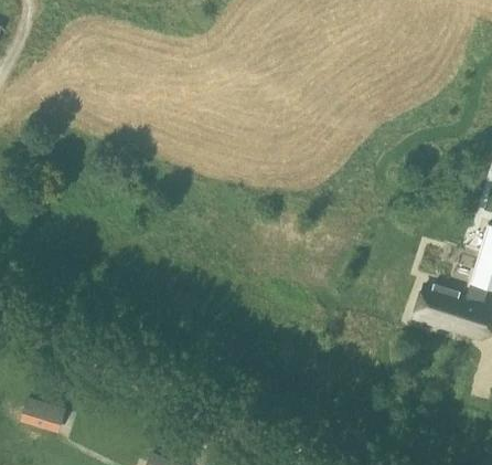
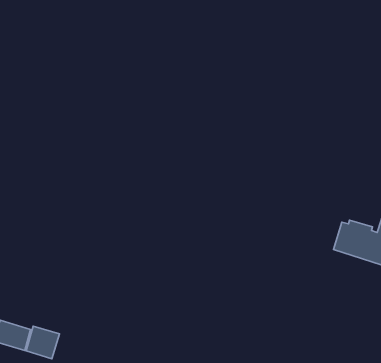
building: none -> [26,326,60,359]

